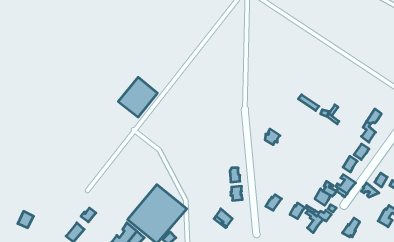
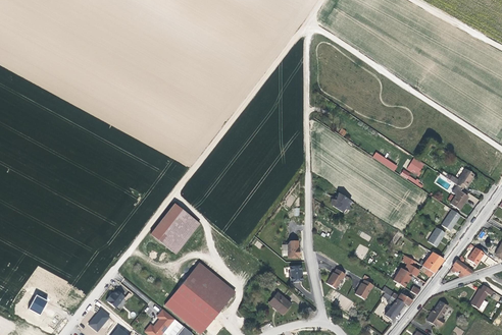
building: [118,77,157,117] -> [150,204,198,253]

